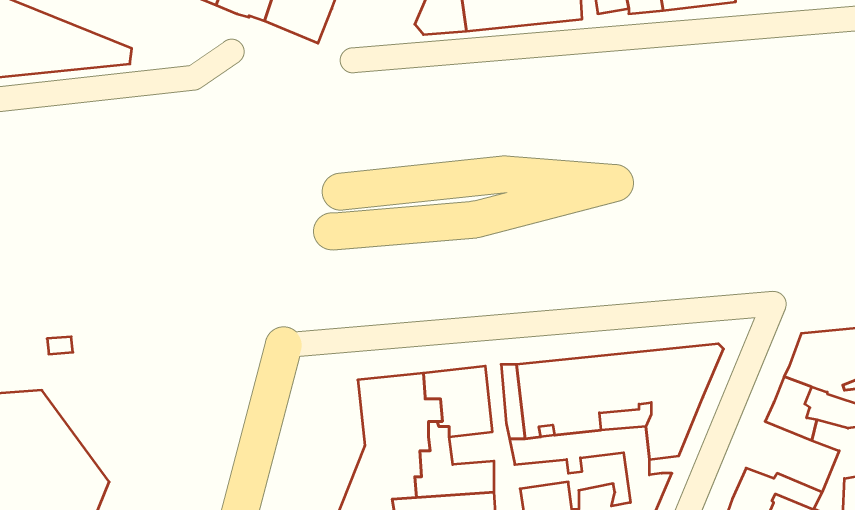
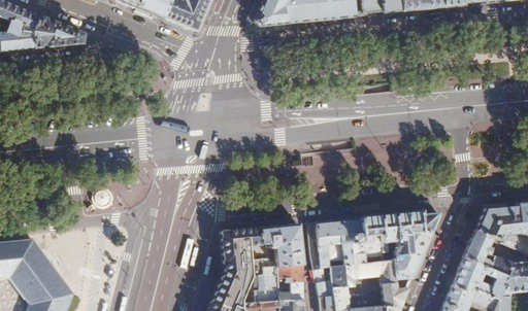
building: none -> [453,257,508,300]
building: none -> [275,264,302,283]
building: none -> [315,280,346,298]

